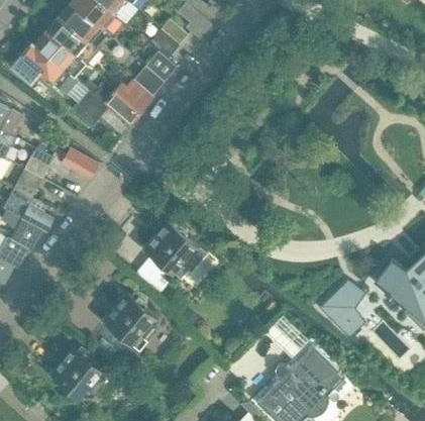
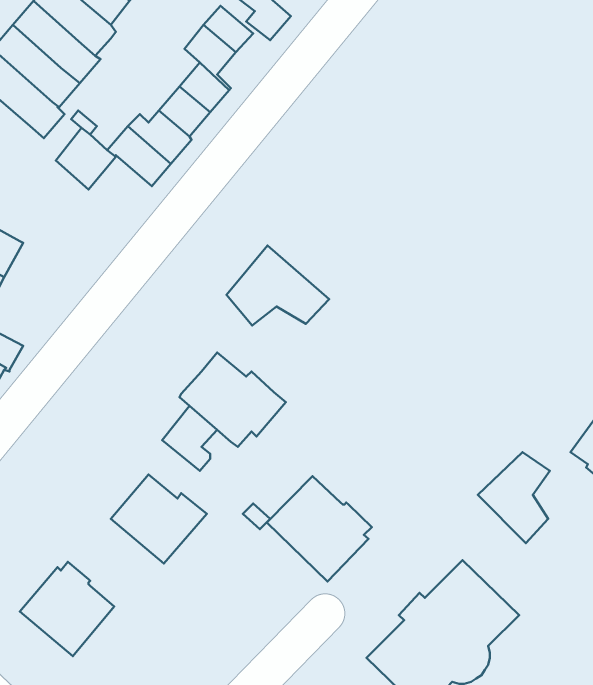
building: [50,147,97,179] -> none
building: none -> [227,246,329,326]
building: none -> [267,476,372,581]

